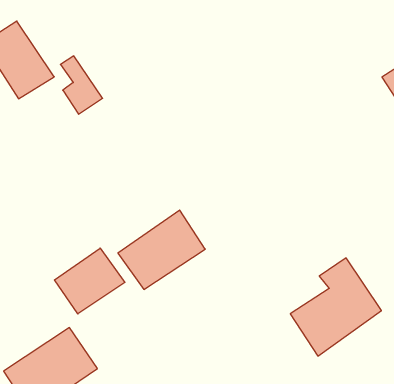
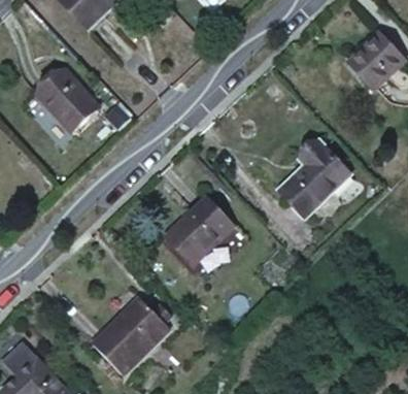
building: [54,248,125,314] -> none
building: [290,258,381,356] -> [281,138,351,218]

